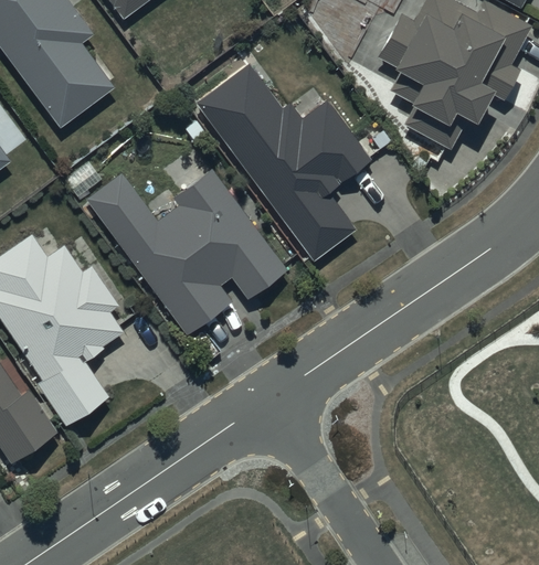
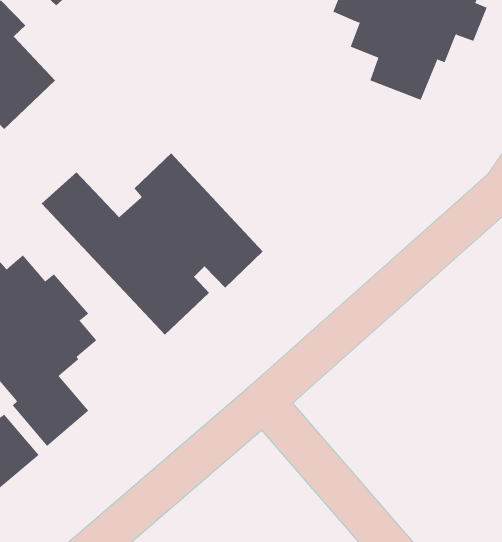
building: [195,63,372,262] -> none

